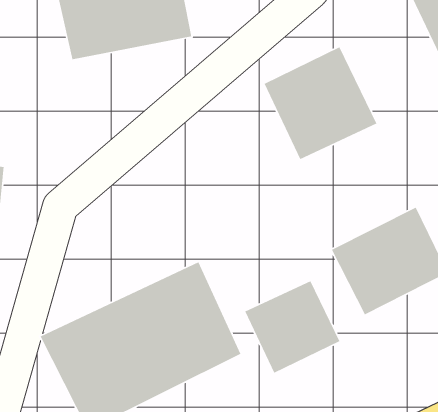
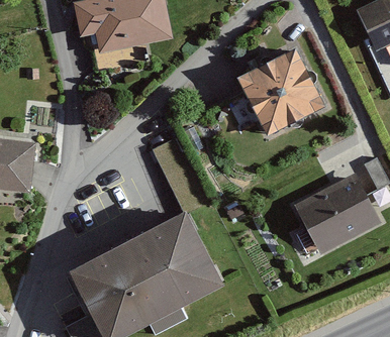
building: [244,280,340,374] -> none

